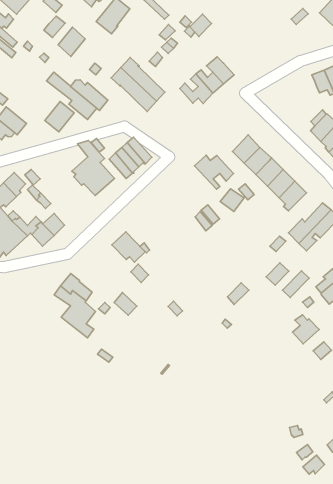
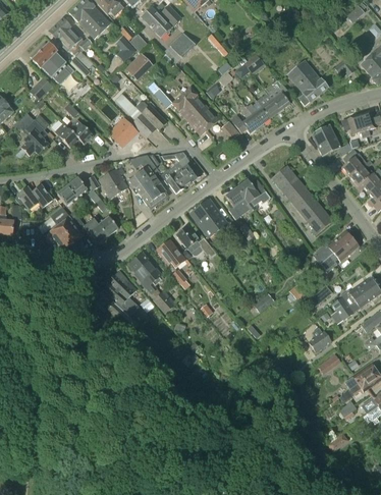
building: none -> [287,60,327,105]
building: none -> [266,78,291,110]
building: none -> [312,124,340,155]
building: none -> [99,167,128,198]
building: none -> [225,186,254,217]
building: none -> [190,199,227,236]
building: none -> [176,226,216,258]
building: none -> [128,252,163,291]

